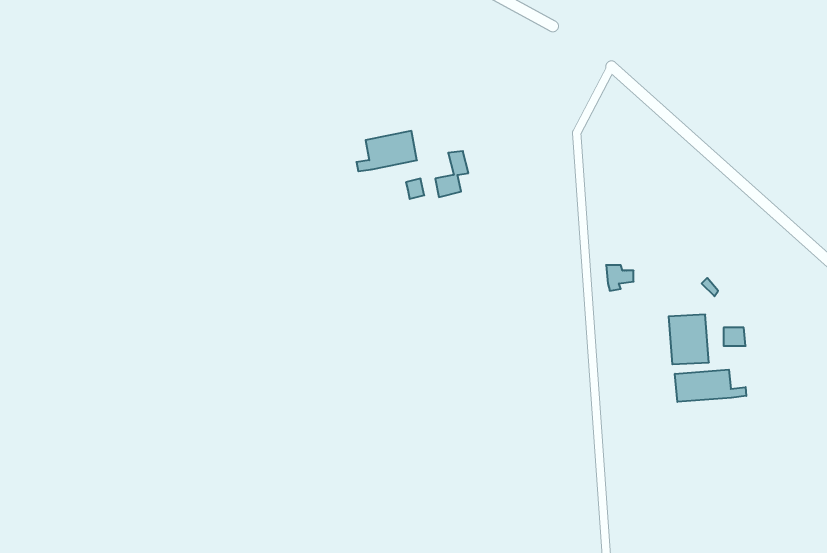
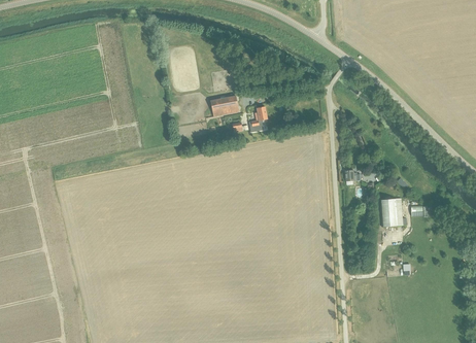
building: [675,370,746,402] -> none

